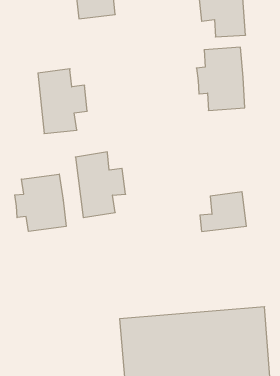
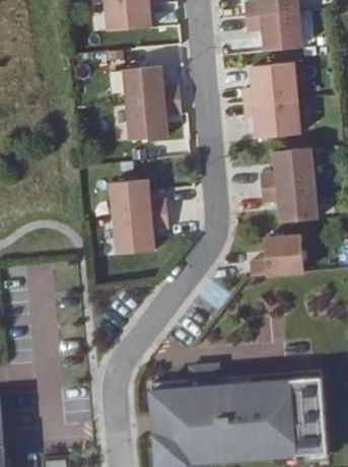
building: [38,69,87,134] -> [123,69,181,145]
building: none -> [264,150,321,225]
building: [15,174,66,231] -> none

